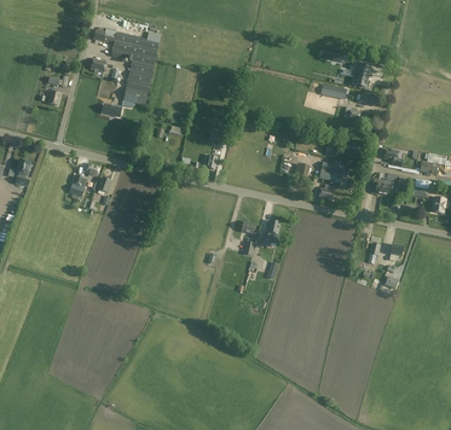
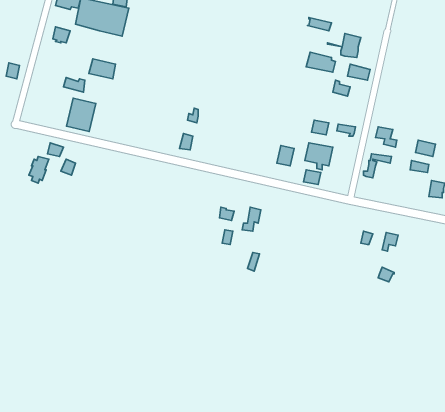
building: [127,62,154,92] -> [67,98,96,131]

